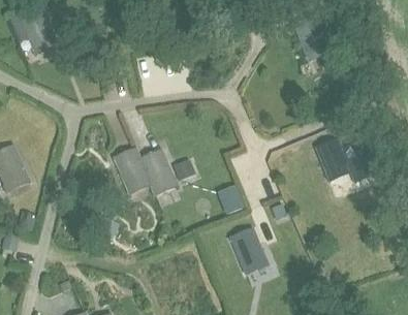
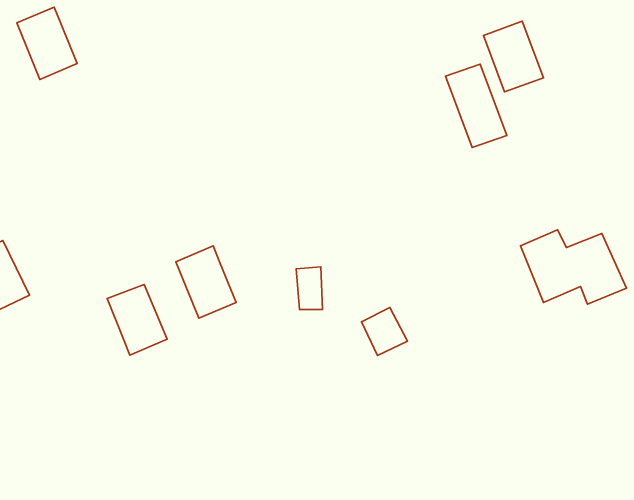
building: none -> [446,64,507,148]
building: [139,151,175,192] -> [107,284,167,355]
building: [230,229,266,272] -> none

